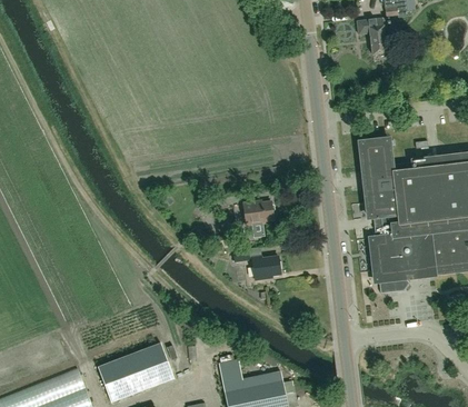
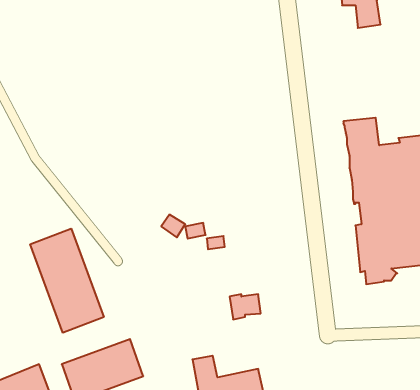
building: [242,201,273,237] -> none
building: none -> [30,229,104,333]
building: [251,256,280,279] -> [230,294,261,319]

